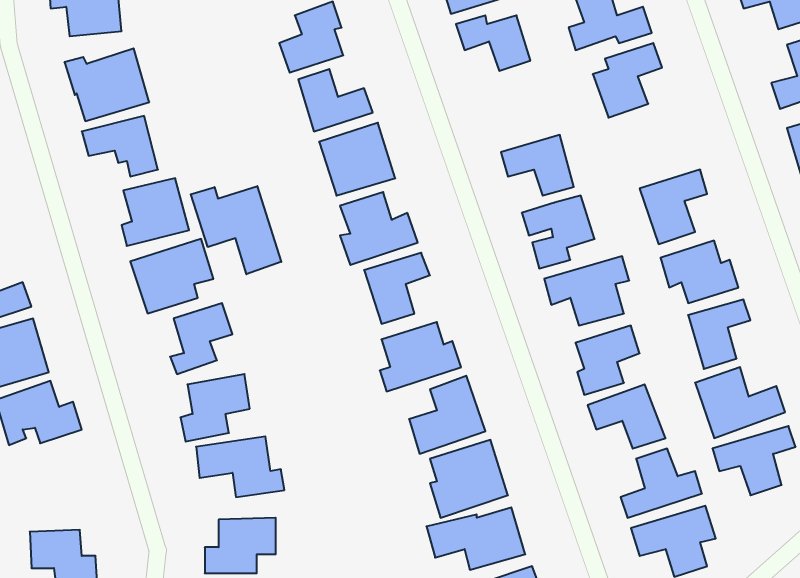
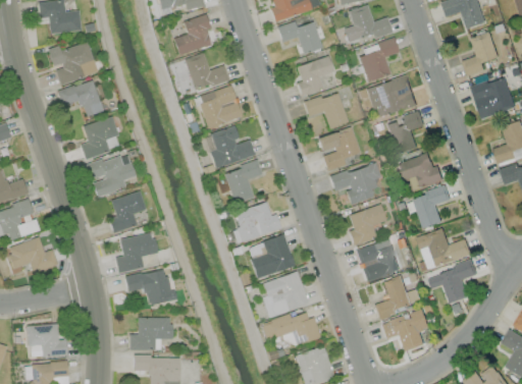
building: none -> [296,56,332,95]
building: none -> [366,74,417,118]
building: [191,186,281,274] -> none

